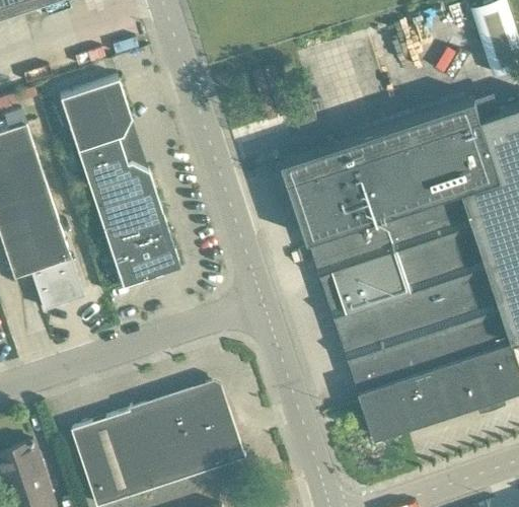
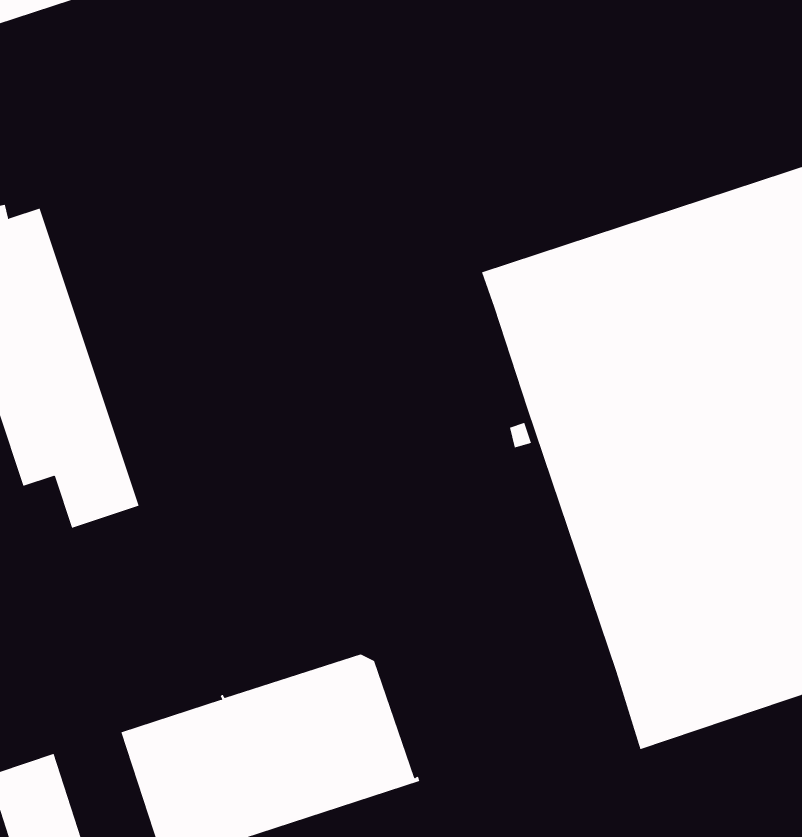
building: [59,78,179,285] -> none

